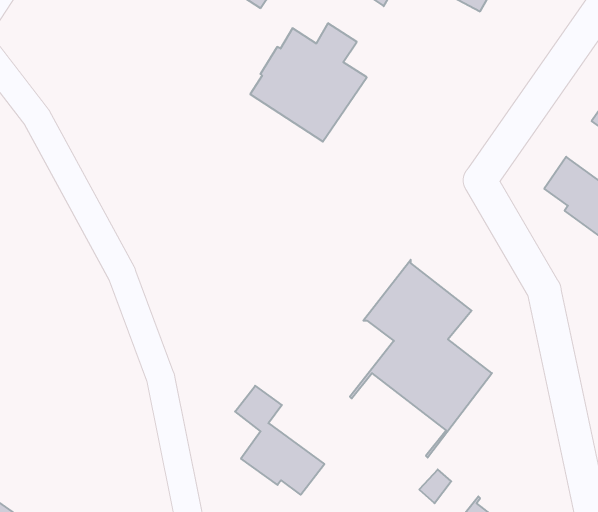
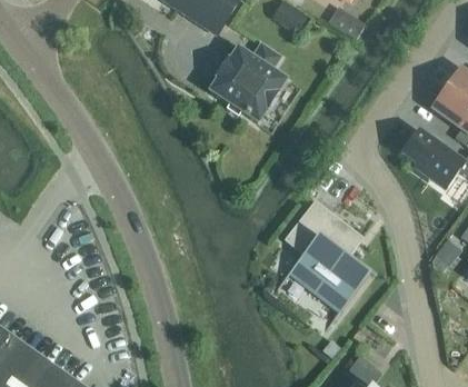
building: [235,386,324,495] -> none

